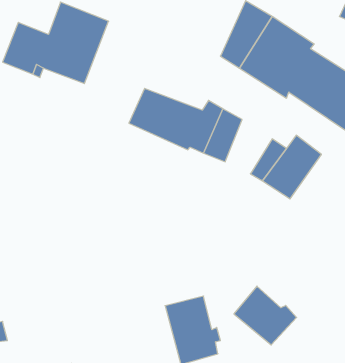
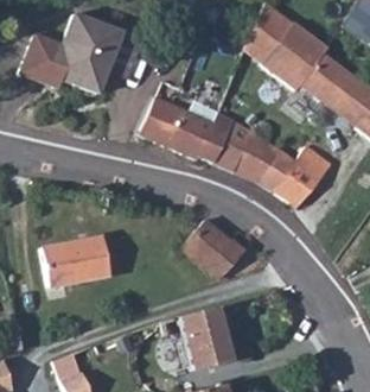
building: none -> [238,124,285,183]
building: none -> [44,236,113,287]
building: [234,286,297,345] -> [187,220,249,278]

